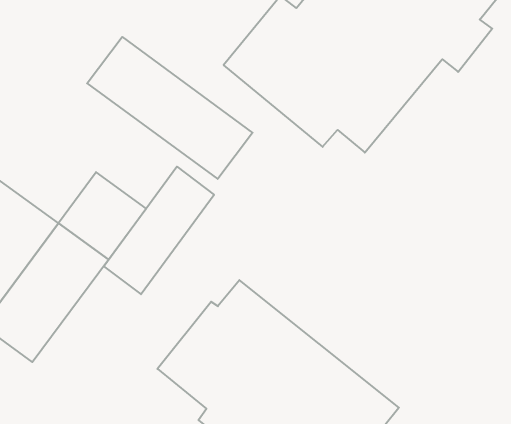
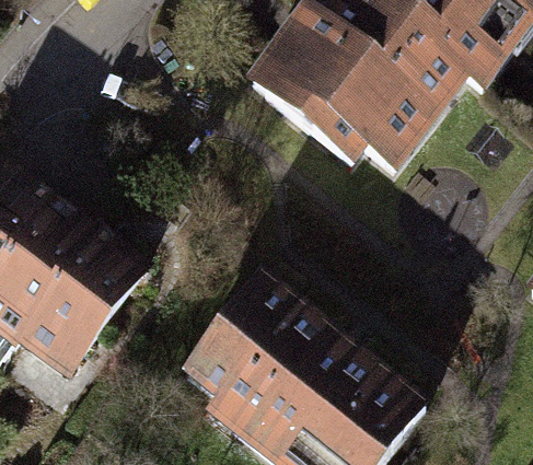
building: [87,37,253,179] -> none
building: [104,167,214,294] -> none

